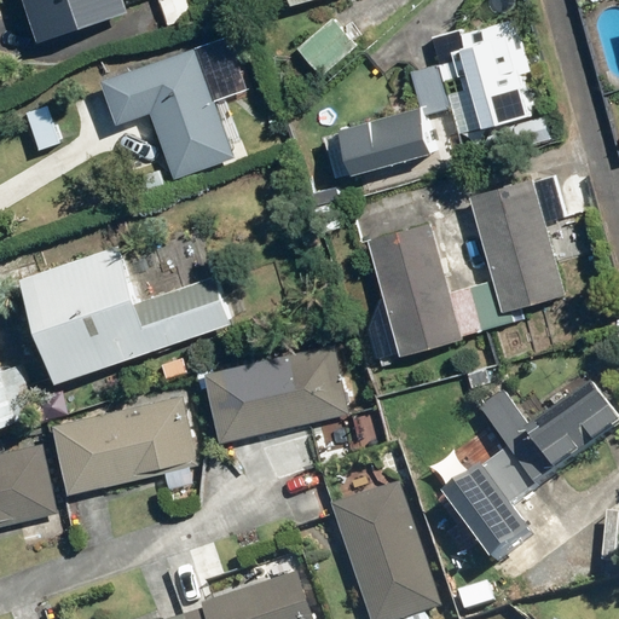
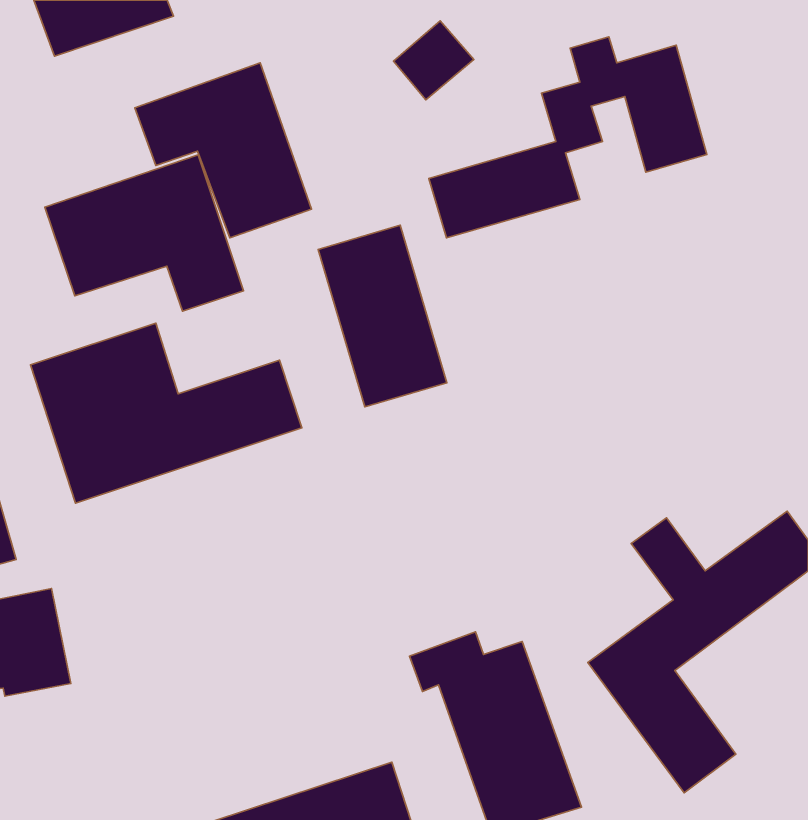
building: none -> [45,155,243,311]
building: [470,175,562,310] -> none
building: [364,218,461,354] -> [318,225,447,407]
building: [203,341,348,442] -> none
building: [51,393,196,493] -> none

